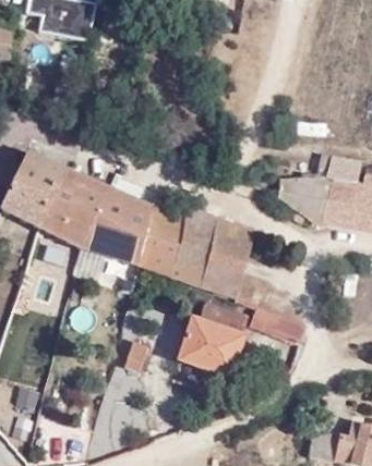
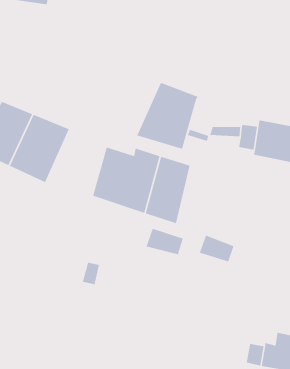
building: [83,185,156,265] -> [136,82,199,150]
building: [183,320,244,370] -> none

